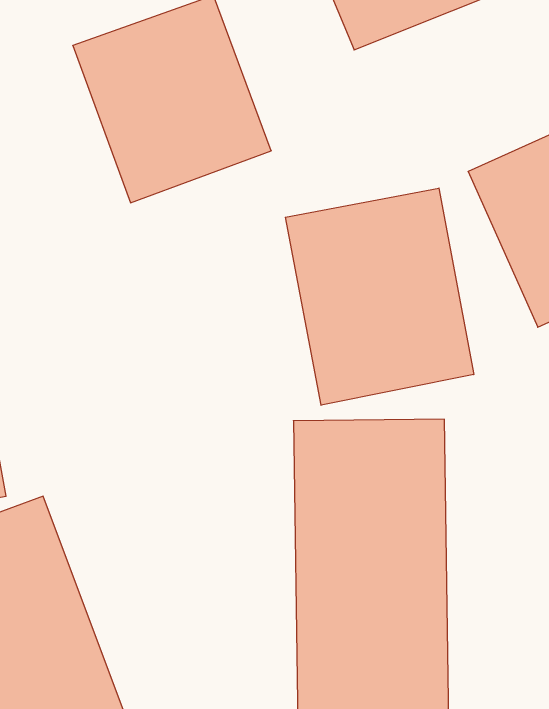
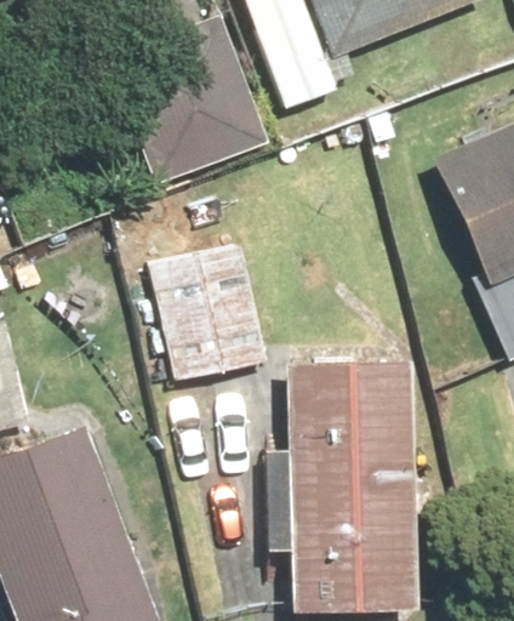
building: [285,188,474,405] -> none
building: none -> [147,243,268,382]

